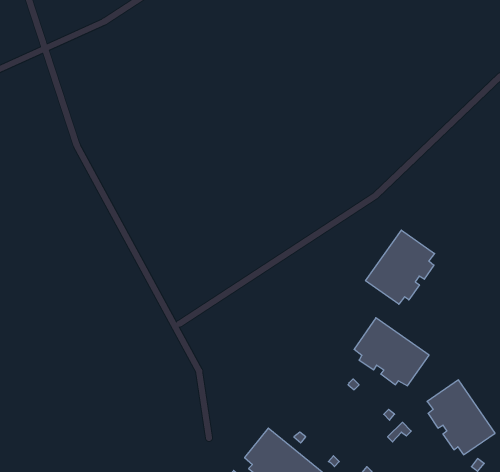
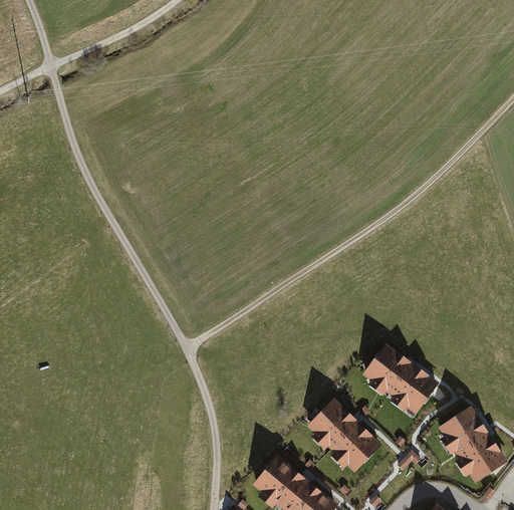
building: [366,230,435,304] -> none
building: none -> [307,398,381,472]

